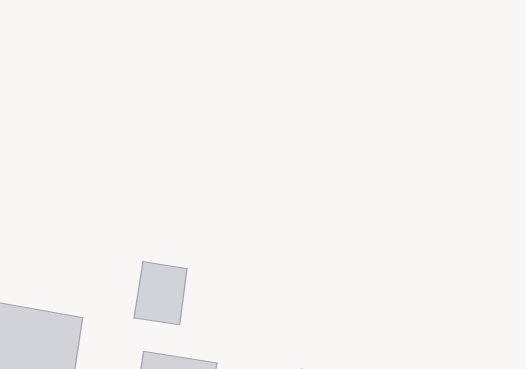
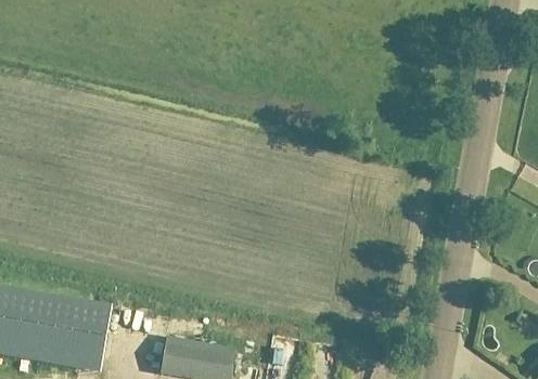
building: [134,261,187,325] -> none

